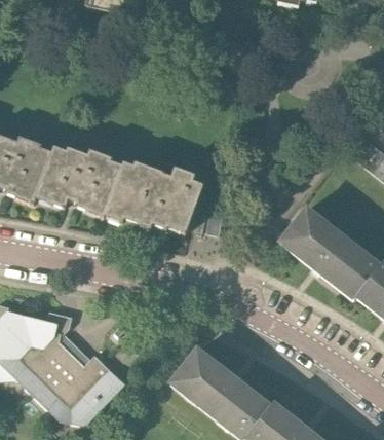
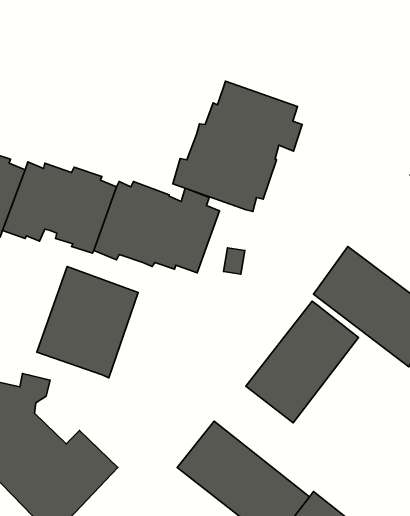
building: none -> [173,81,302,211]
building: none -> [37,266,138,378]
building: none -> [246,301,359,423]

